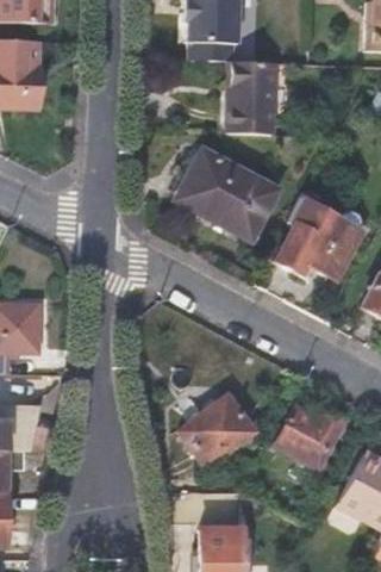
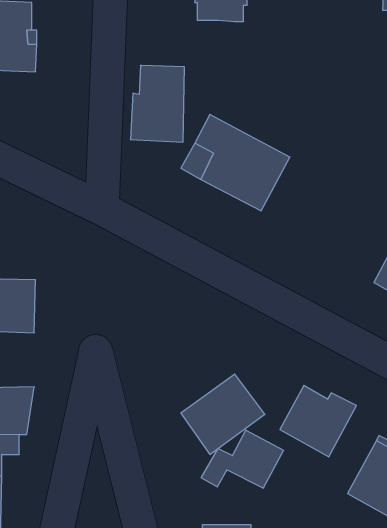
building: [226,60,277,132] -> [130,66,184,142]
building: [274,198,363,279] -> none
building: none -> [201,430,283,488]

